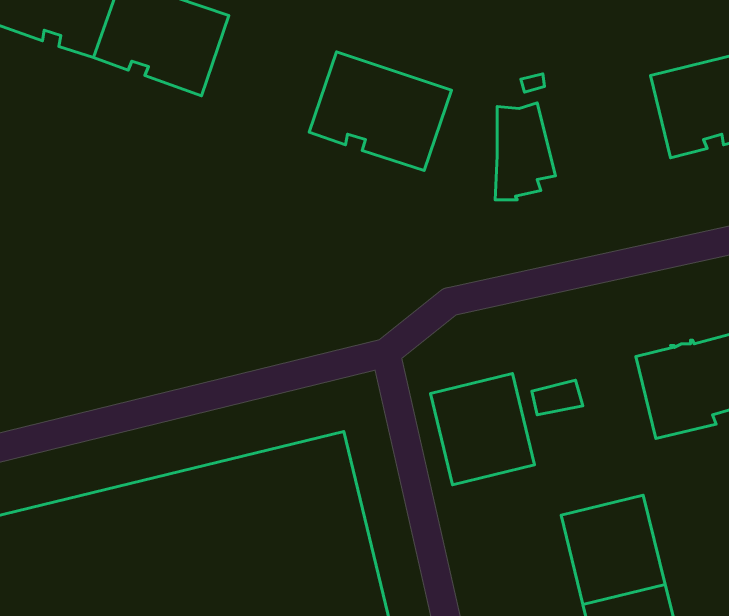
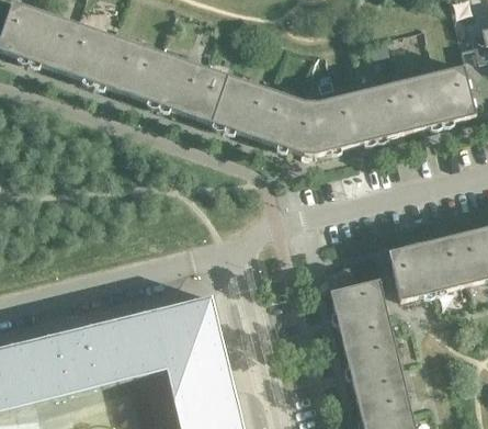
building: none -> [126,45,207,115]
building: none -> [328,81,408,147]
building: none -> [260,90,304,156]
building: [430,373,535,485] -> [329,279,391,346]

